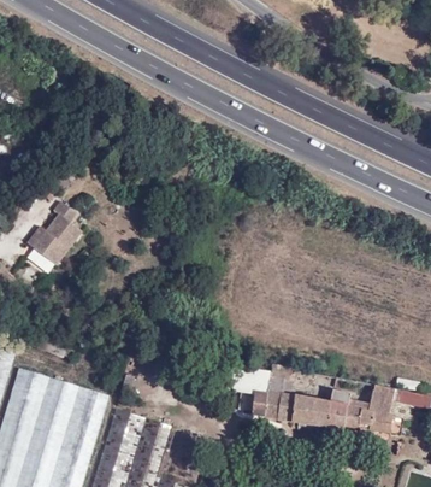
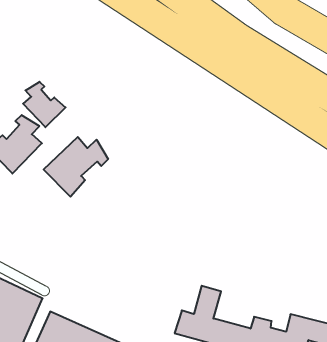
building: none -> [23,82,66,127]
building: none -> [44,137,108,197]

